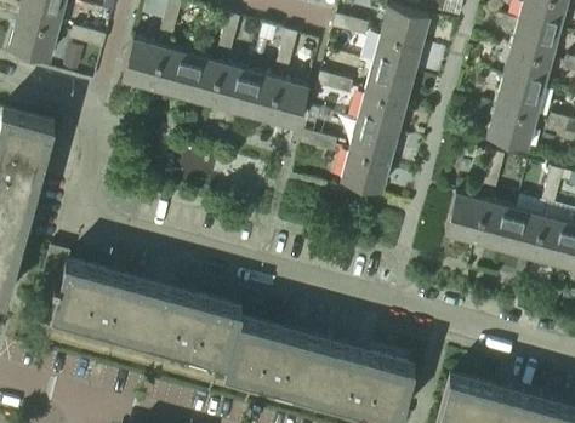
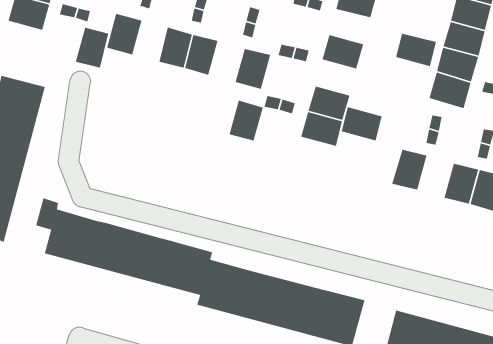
building: [374,38,421,76] -> [395,33,437,67]
building: [152,50,190,97] -> [75,27,109,69]
building: [238,73,278,120] -> [228,100,264,141]
building: [358,95,405,135] -> [341,106,383,141]
building: [474,202,514,251] -> none

